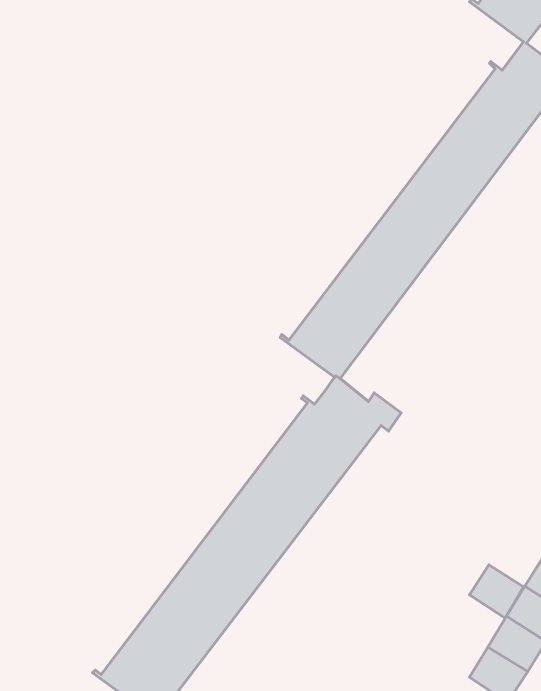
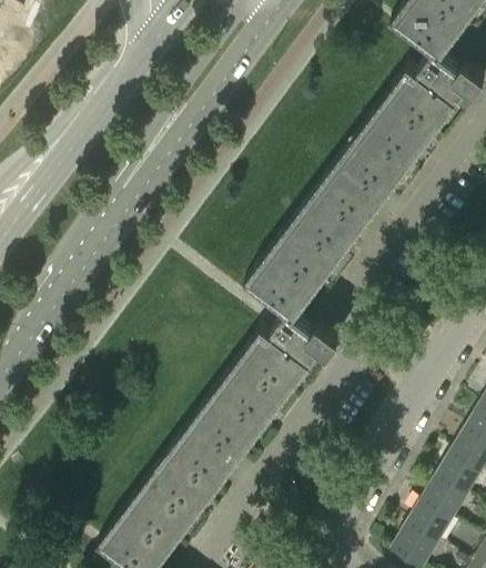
building: [470,565,524,618] -> none

